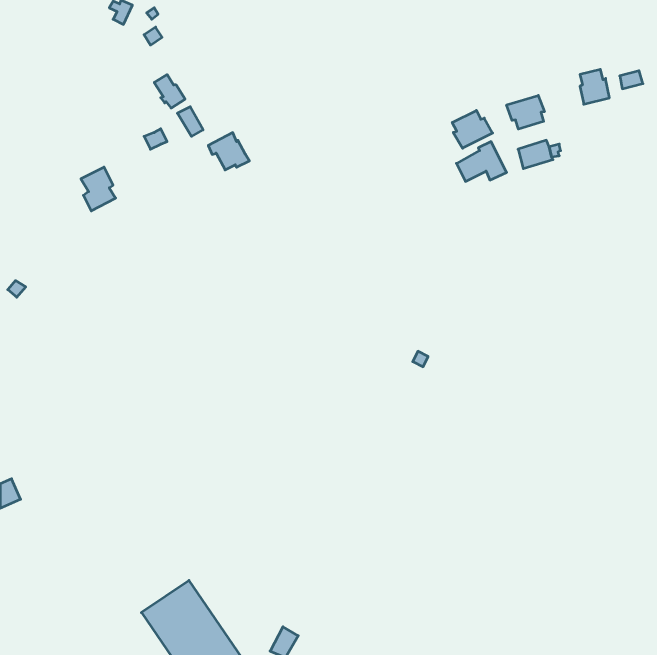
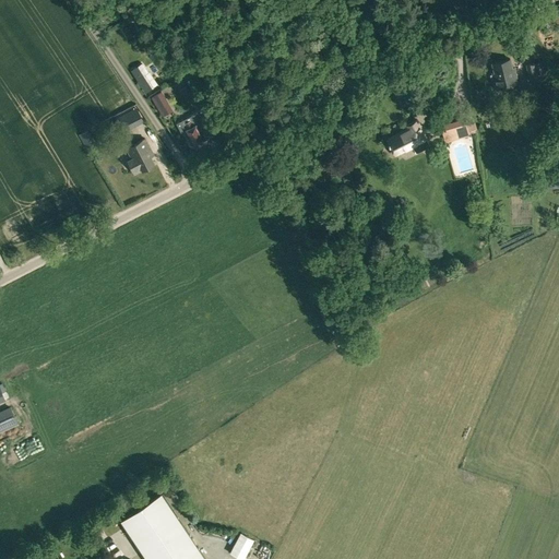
building: [507,95,544,129] -> none
building: [452,110,493,148] -> none
building: [81,167,116,211] -> [126,140,155,177]

